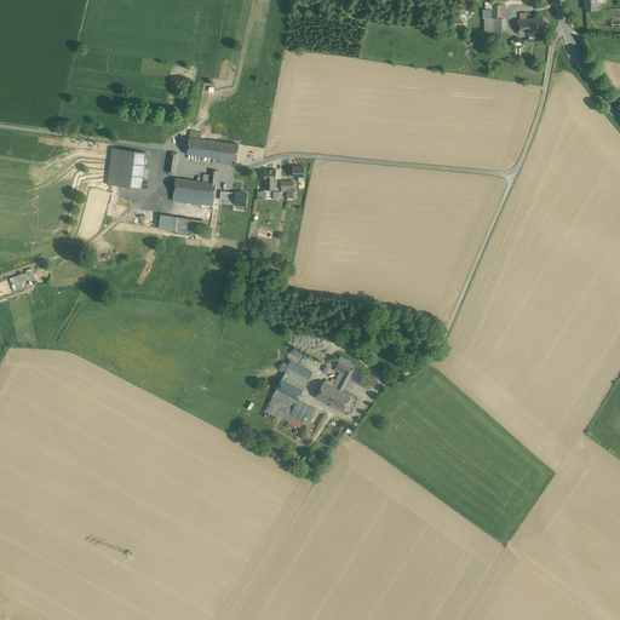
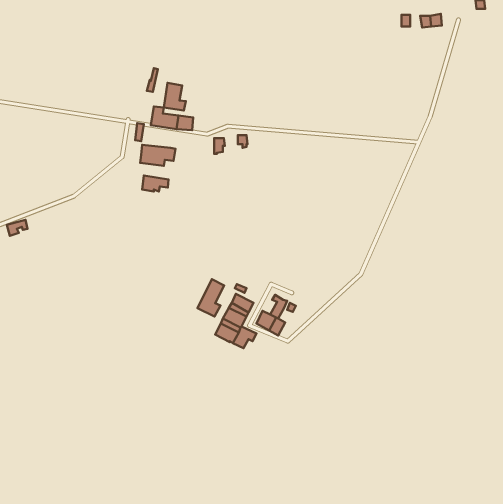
building: none -> [164,83,186,111]
building: [105,148,144,188] -> none
building: none -> [198,279,224,316]

